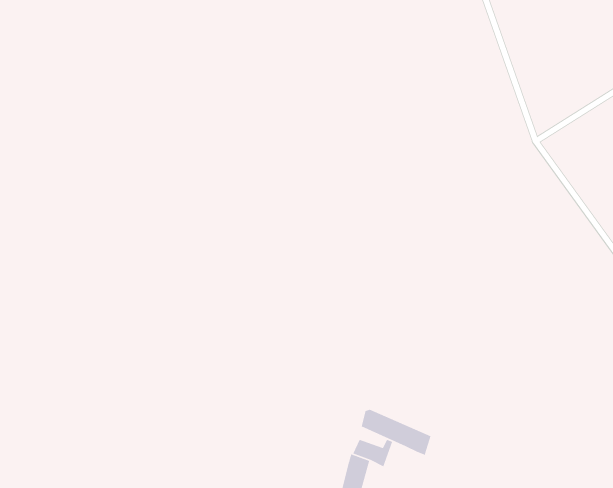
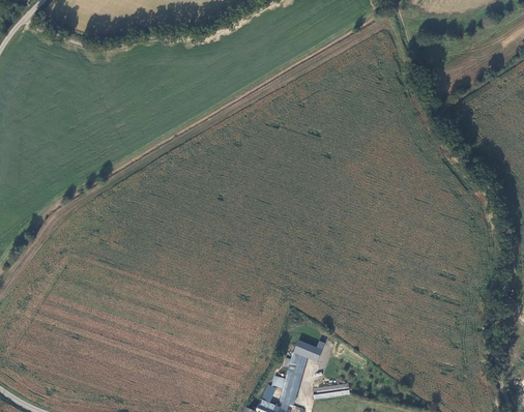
building: [361,409,432,456] -> none

